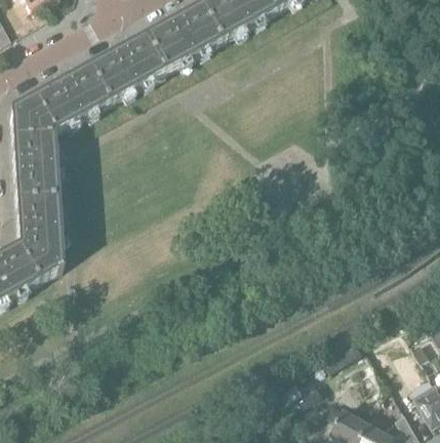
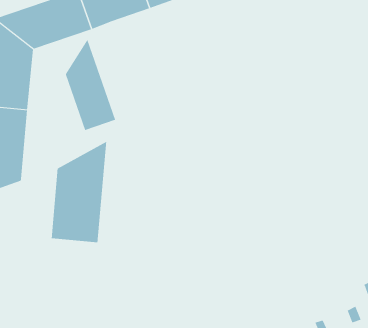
building: none -> [65,39,116,131]
building: none -> [51,141,107,243]

